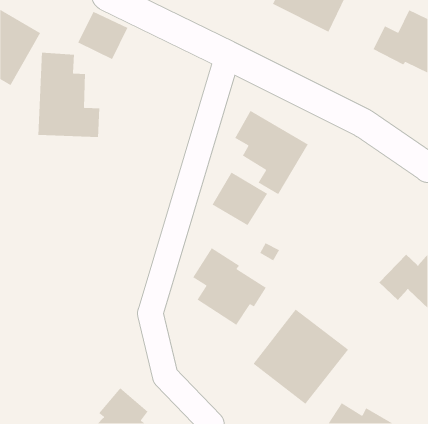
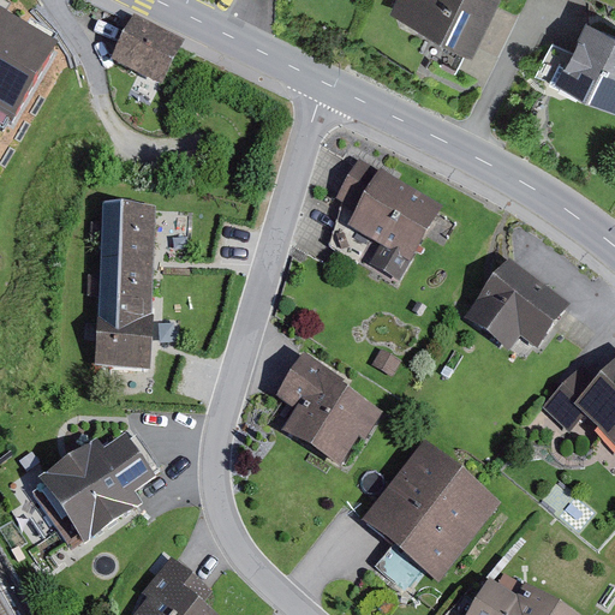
building: [37,52,100,138] -> none
building: none -> [95,203,155,368]
building: [211,171,268,226] -> none
building: none -> [466,258,569,348]
building: none -> [32,428,161,547]

